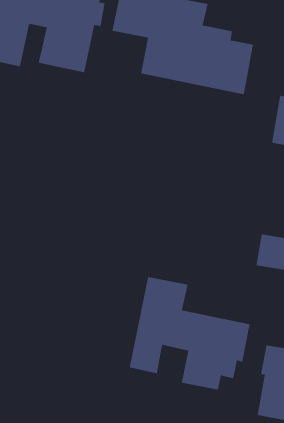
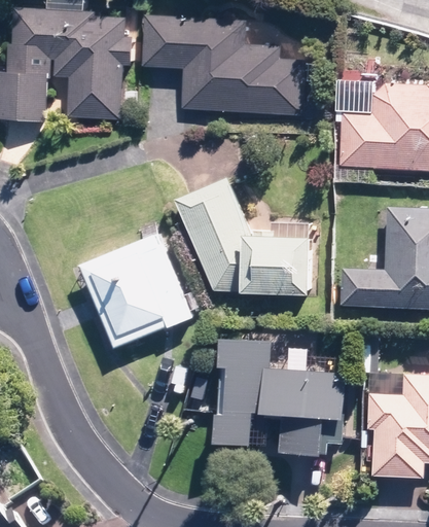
building: none -> [177,179,313,295]
building: none -> [81,233,189,346]

